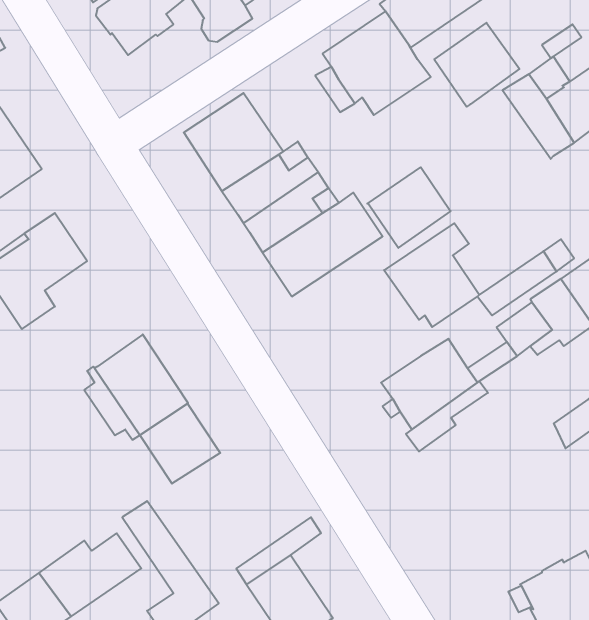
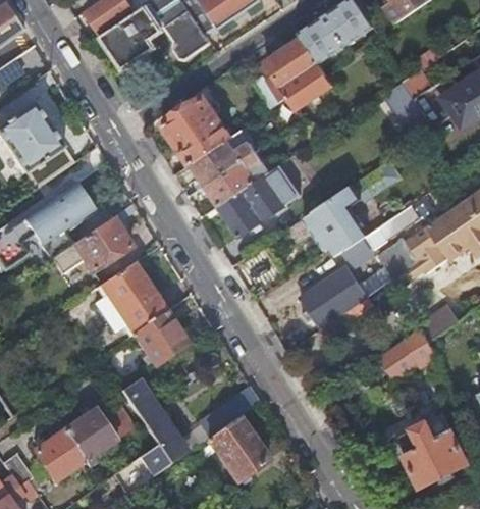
building: [434,23,519,107] -> none
building: [367,167,451,248] -> none
building: none -> [51,216,131,273]
building: none -> [380,326,438,378]

